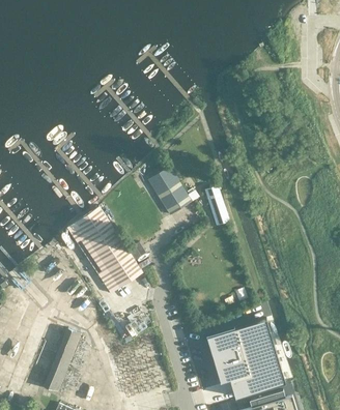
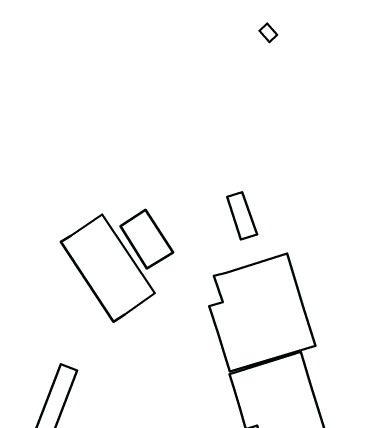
building: [147,167,191,215] -> [121,210,173,269]
building: none -> [209,253,316,371]

